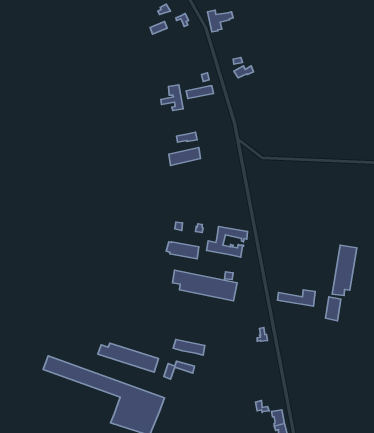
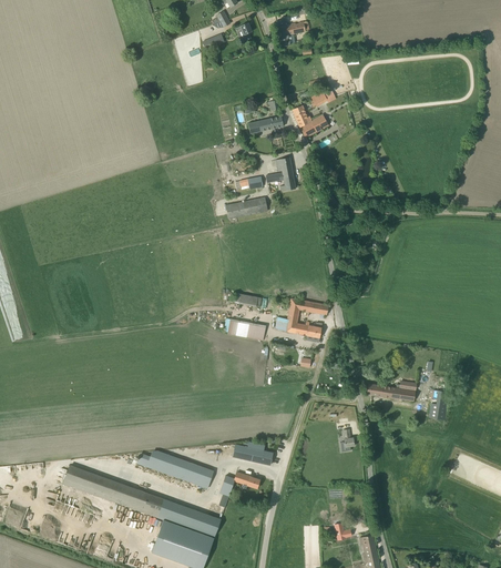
building: none -> [293,105,328,138]
building: [161,85,183,111] -> [266,158,295,191]
building: [332,245,357,296] -> none
building: [172,270,237,301] -> none

